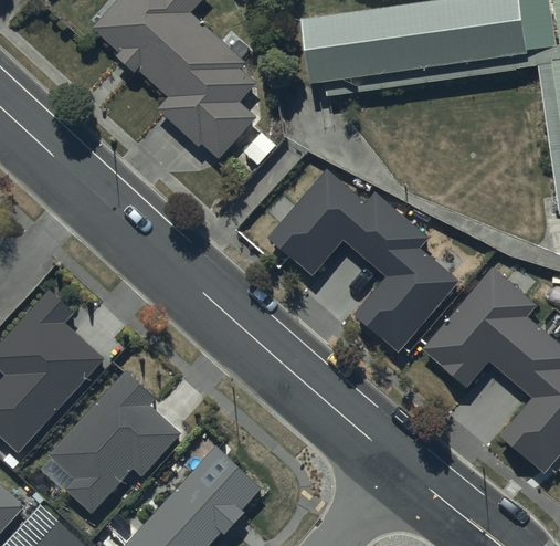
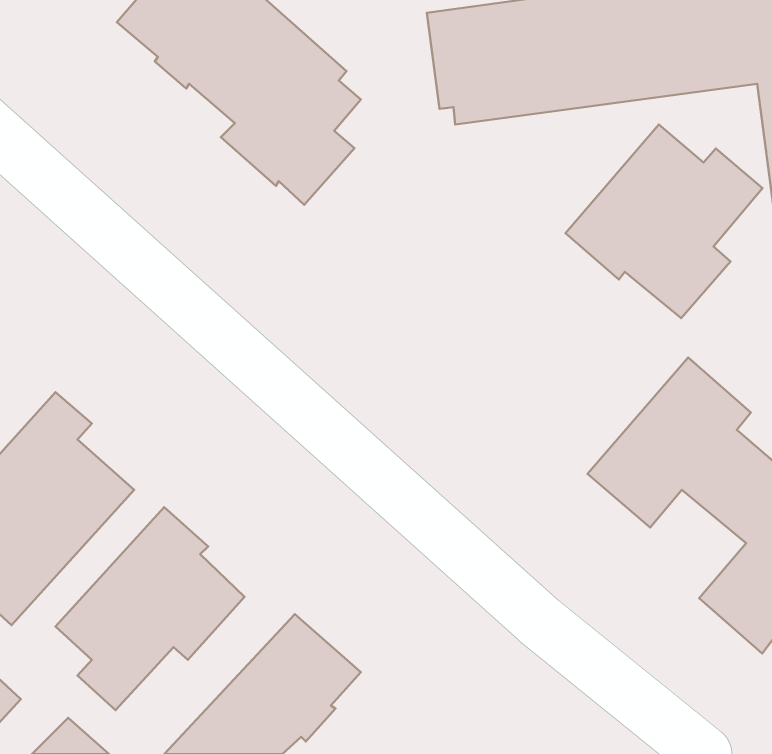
building: none -> [566,124,762,318]
building: [267,168,457,351] -> none

